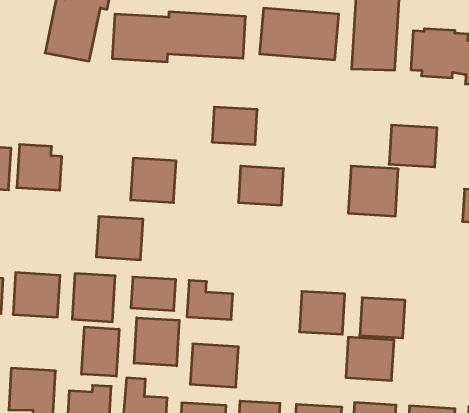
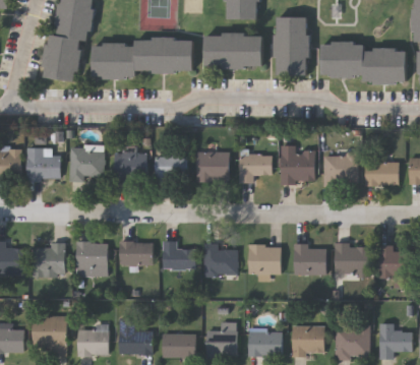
building: [212,107,257,145] -> [154,156,186,182]
building: [389,125,437,167] -> [322,155,357,184]
building: none -> [238,155,271,180]
building: [96,217,143,260] -> [69,149,103,180]
building: [134,318,179,366] -> none
building: [82,327,119,376] -> none
building: [346,337,394,380] -> [334,245,368,276]
building: [190,344,238,387] -> [202,245,237,276]

